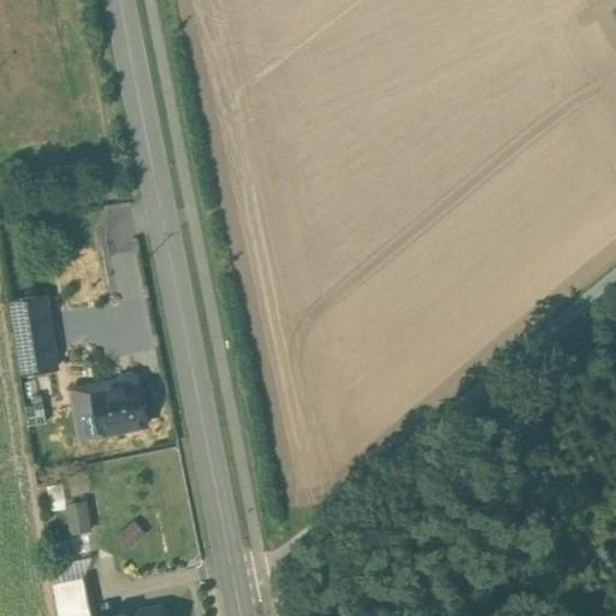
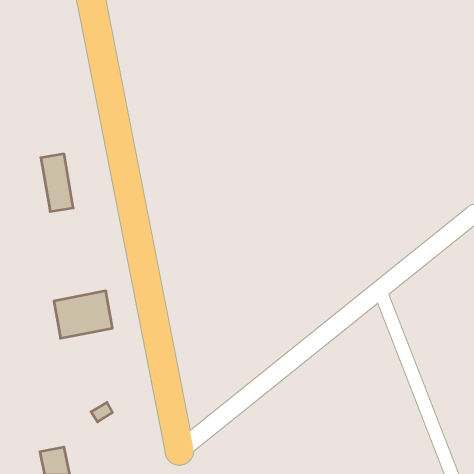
building: [12,300,54,374] -> [41,154,73,212]
building: [69,499,93,533] -> none

